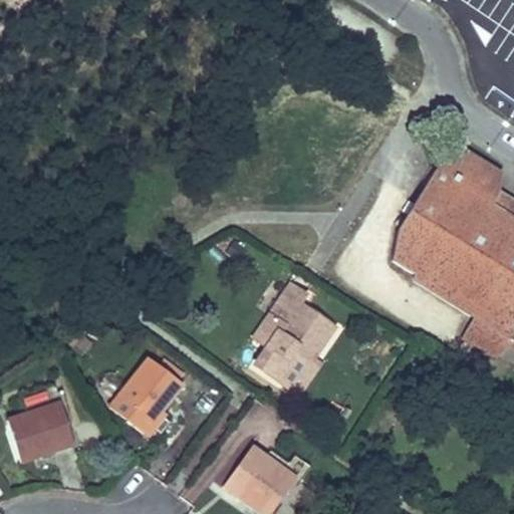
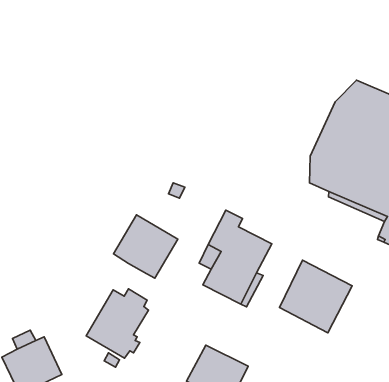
building: none -> [114,215,178,278]
building: none -> [279,260,352,333]

